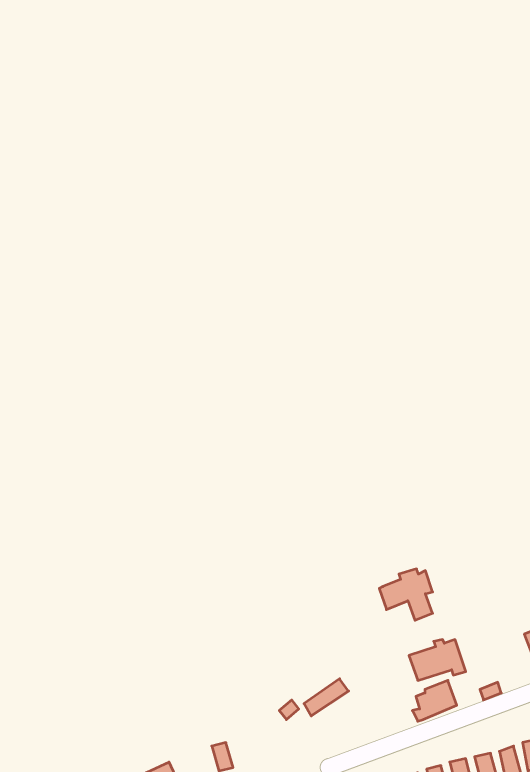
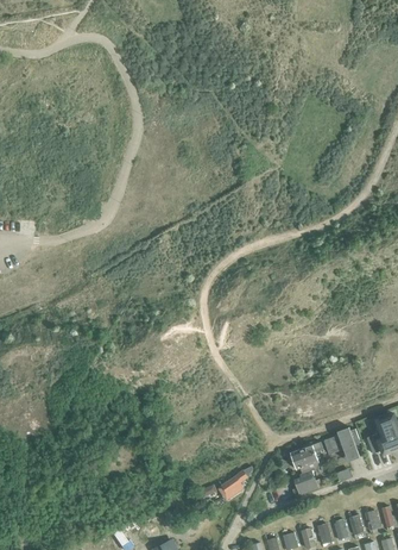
building: [379,569,433,620] -> [323,429,359,463]

